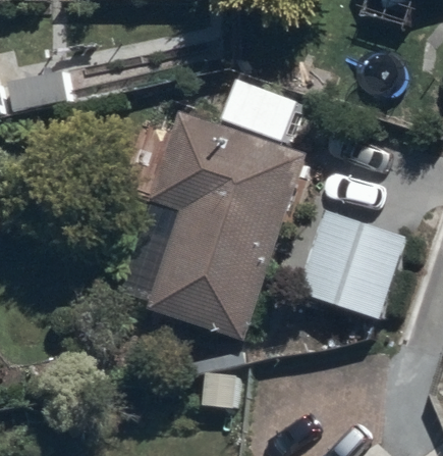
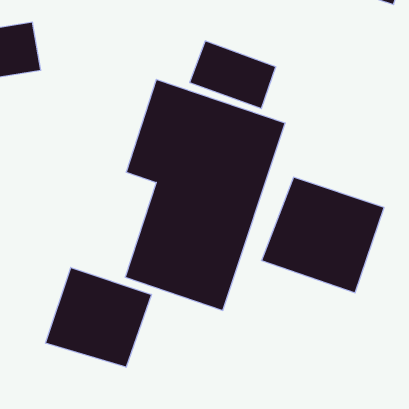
building: none -> [46,267,151,367]

